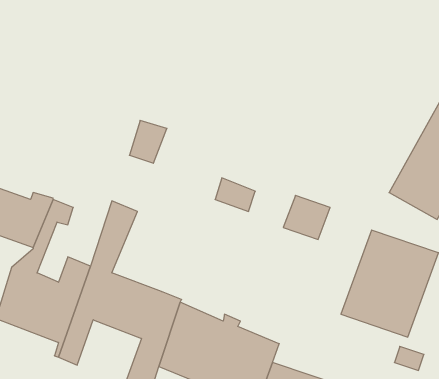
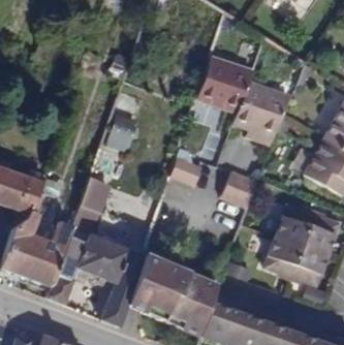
building: none -> [197,50,288,133]

